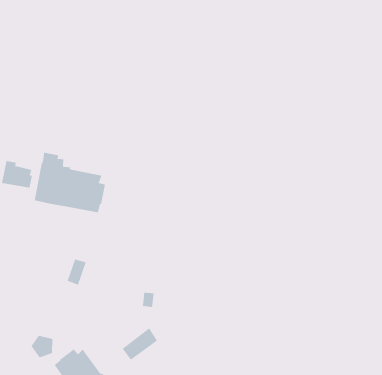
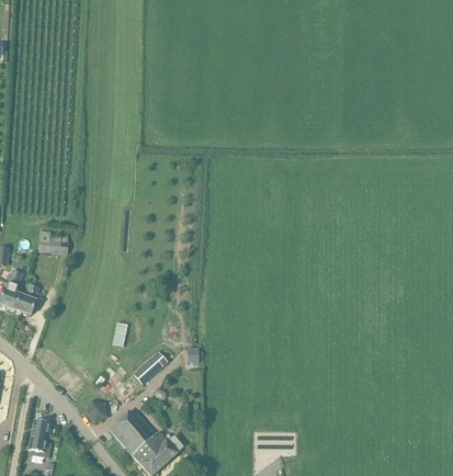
building: [34,152,106,213] -> none
building: [122,327,158,361] -> [133,350,168,385]

